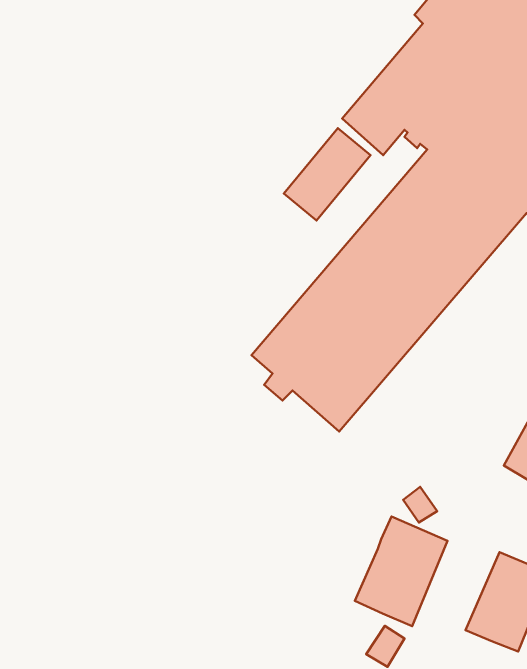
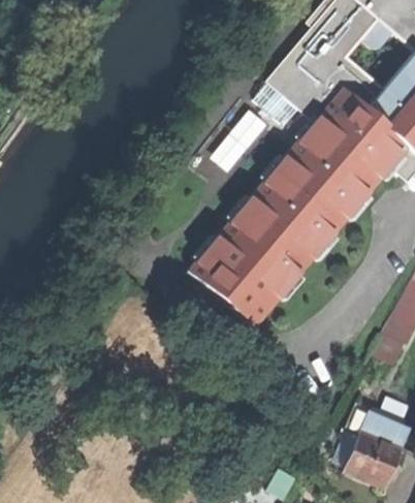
building: [355,516,447,626] -> none

